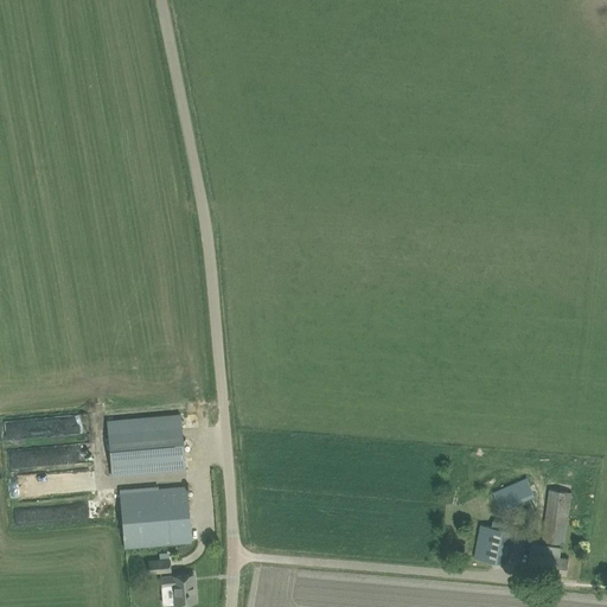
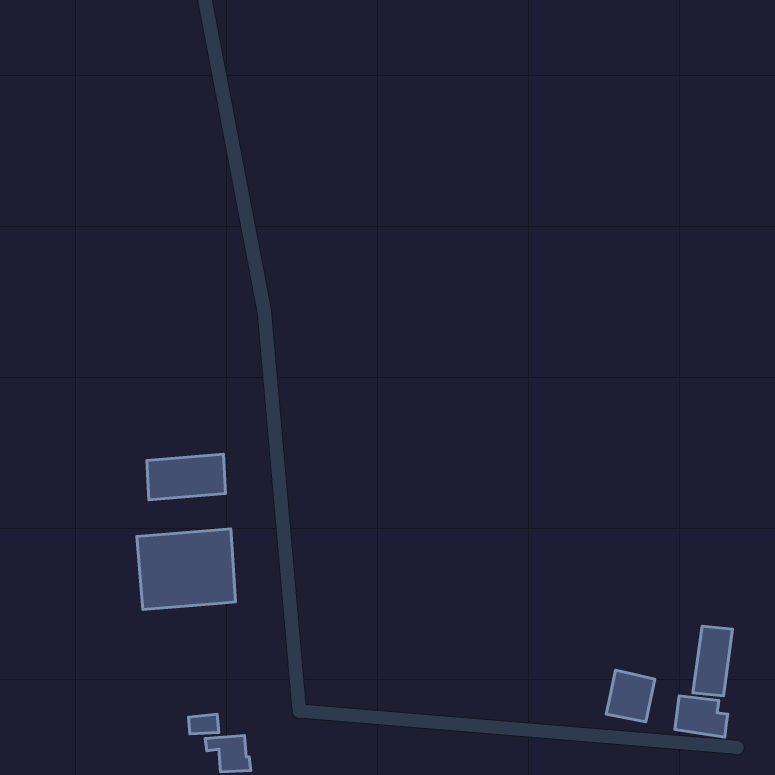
building: none -> [147,454,225,500]
building: [492,479,533,511] -> none
building: [119,487,191,548] -> none

